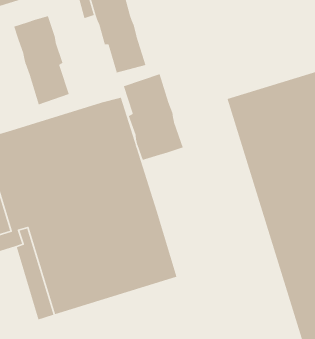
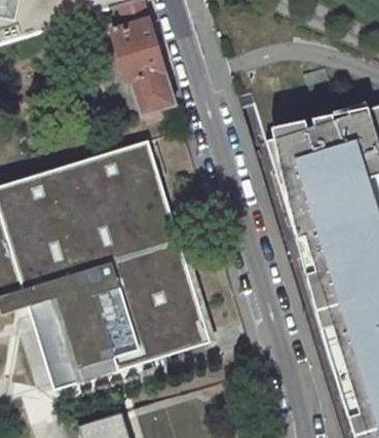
building: [13,15,70,106] -> none
building: [123,73,184,161] -> none

